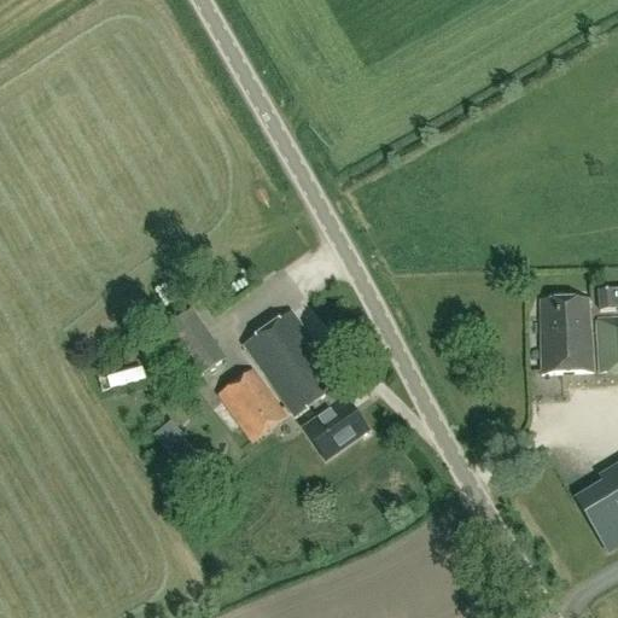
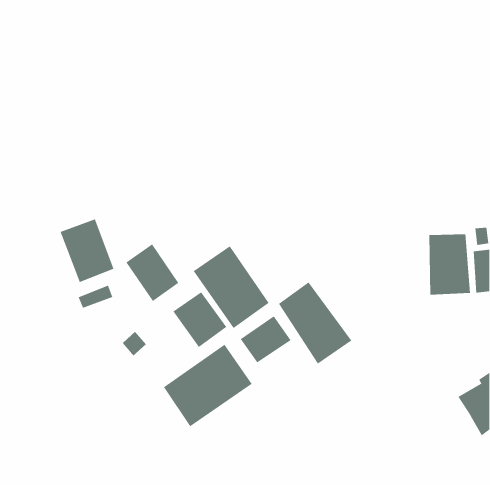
building: none -> [60,219,114,283]
building: none -> [278,281,352,365]
building: none -> [163,344,253,427]

